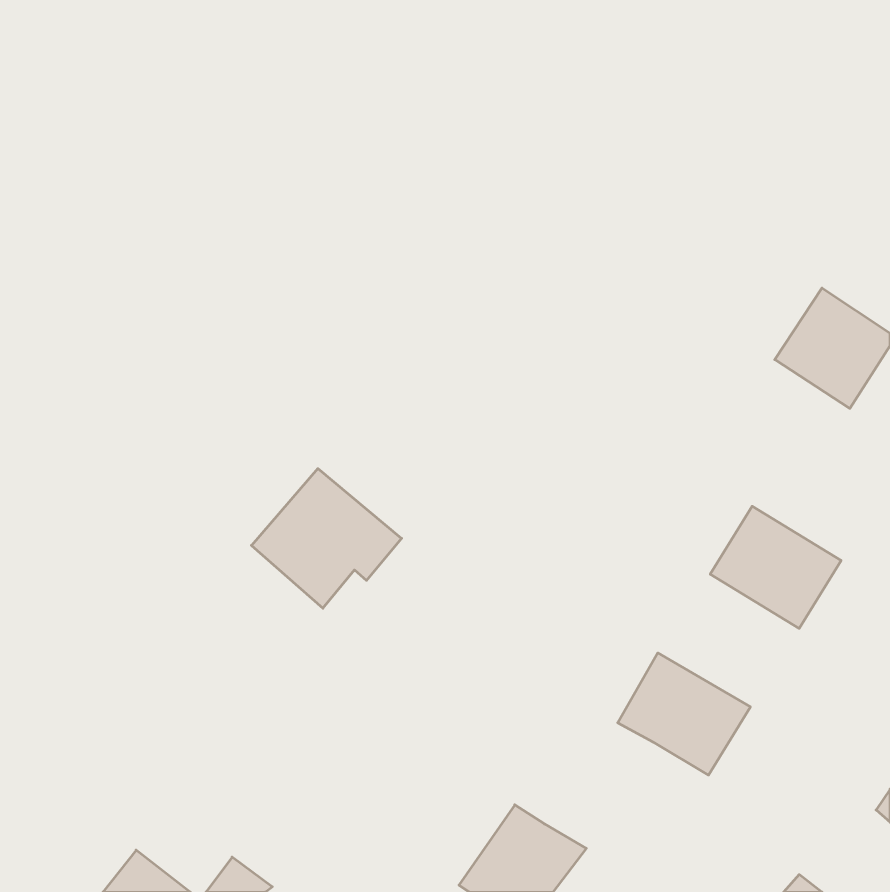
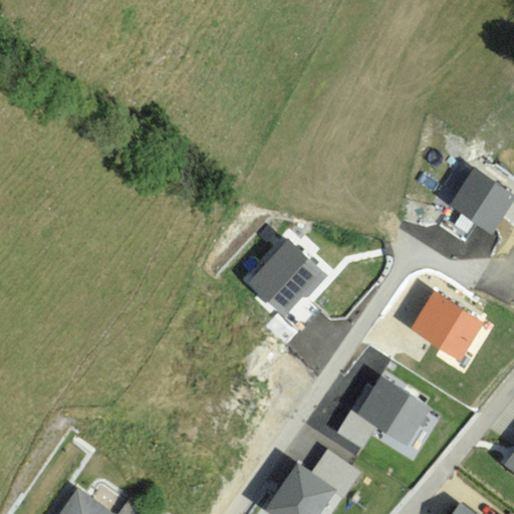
building: [251,469,402,608] -> [242,234,328,314]
building: none -> [336,412,375,450]
building: none -> [313,451,361,494]

